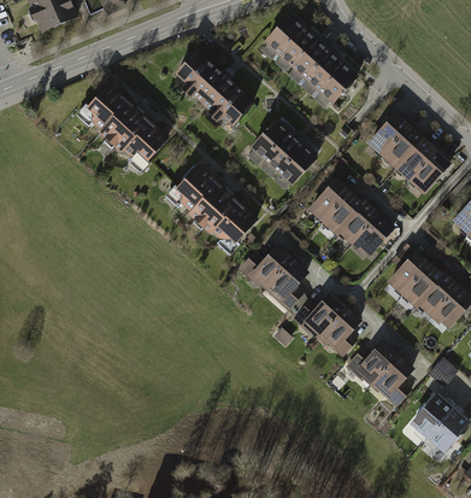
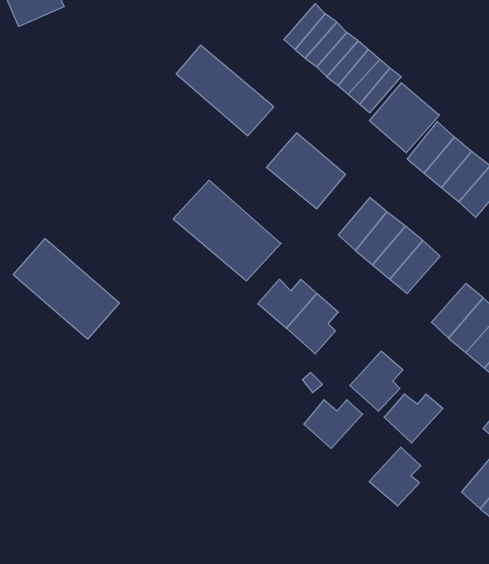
building: none -> [369,83,440,153]
building: [78,84,167,169] -> [13,239,119,339]
building: [295,294,345,335] -> [304,400,363,448]
building: [370,355,413,404] -> [369,447,421,506]

